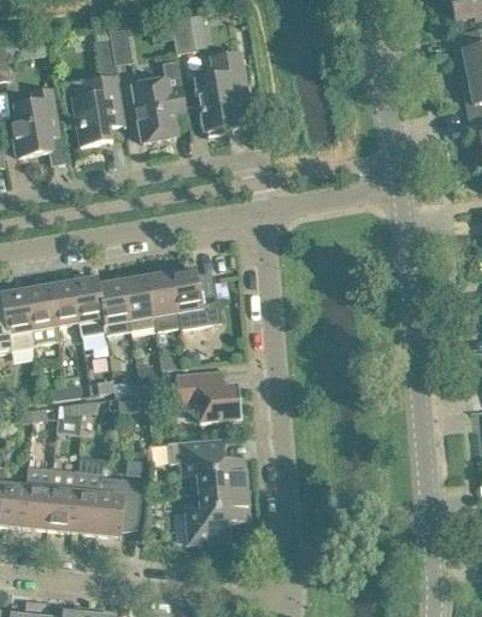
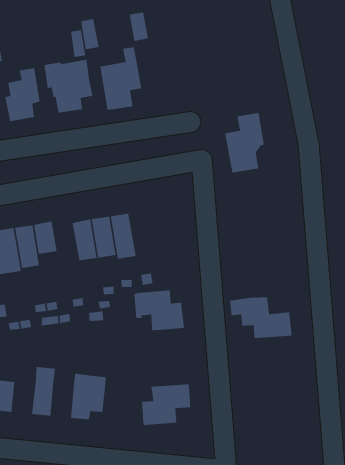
building: [195,53,247,131] -> [224,112,265,174]
building: [170,269,221,329] -> none
building: [72,278,106,336] -> none
building: [166,439,247,493] -> [229,296,293,339]
building: [22,465,52,529] -> none
building: [71,470,101,534] -> none

